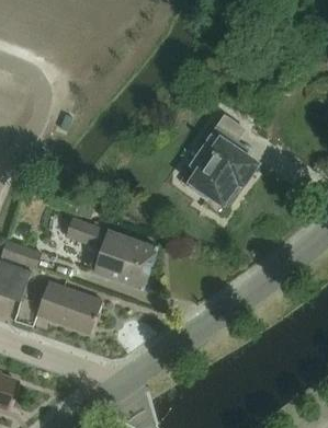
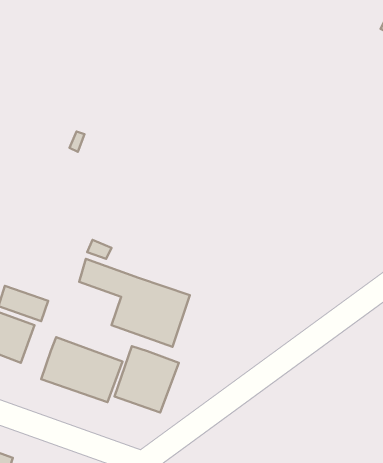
building: [188,115,258,207] -> none
building: none -> [114,346,179,413]

